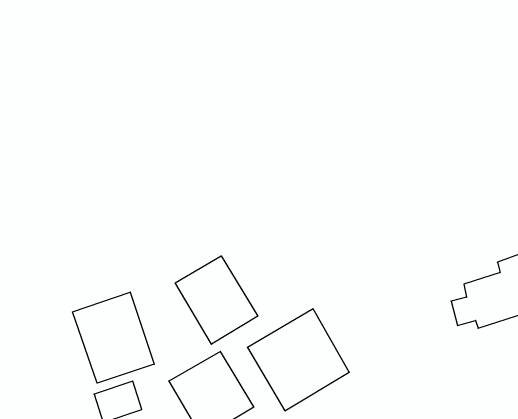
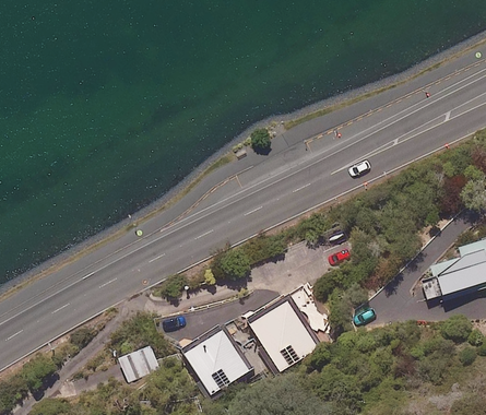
building: [175,256,258,344] -> none
building: [72,292,154,383] -> none

